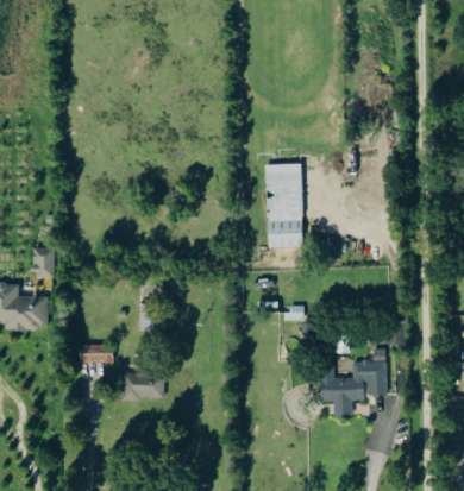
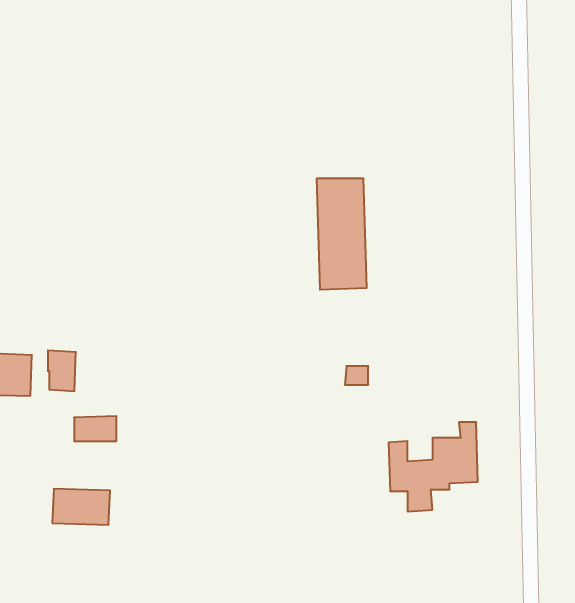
building: [32,247,54,278] -> [48,351,76,391]
building: [120,372,164,399] -> [52,489,110,525]

